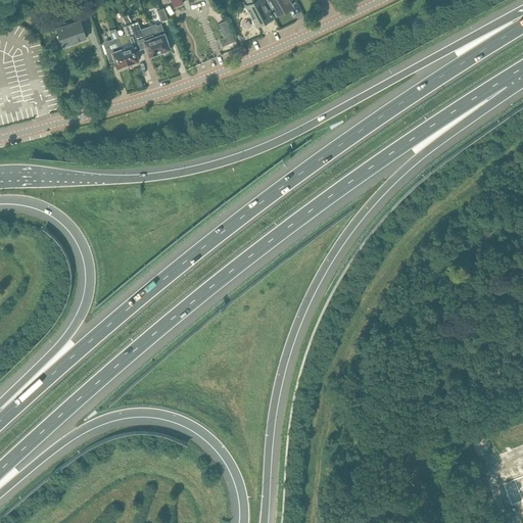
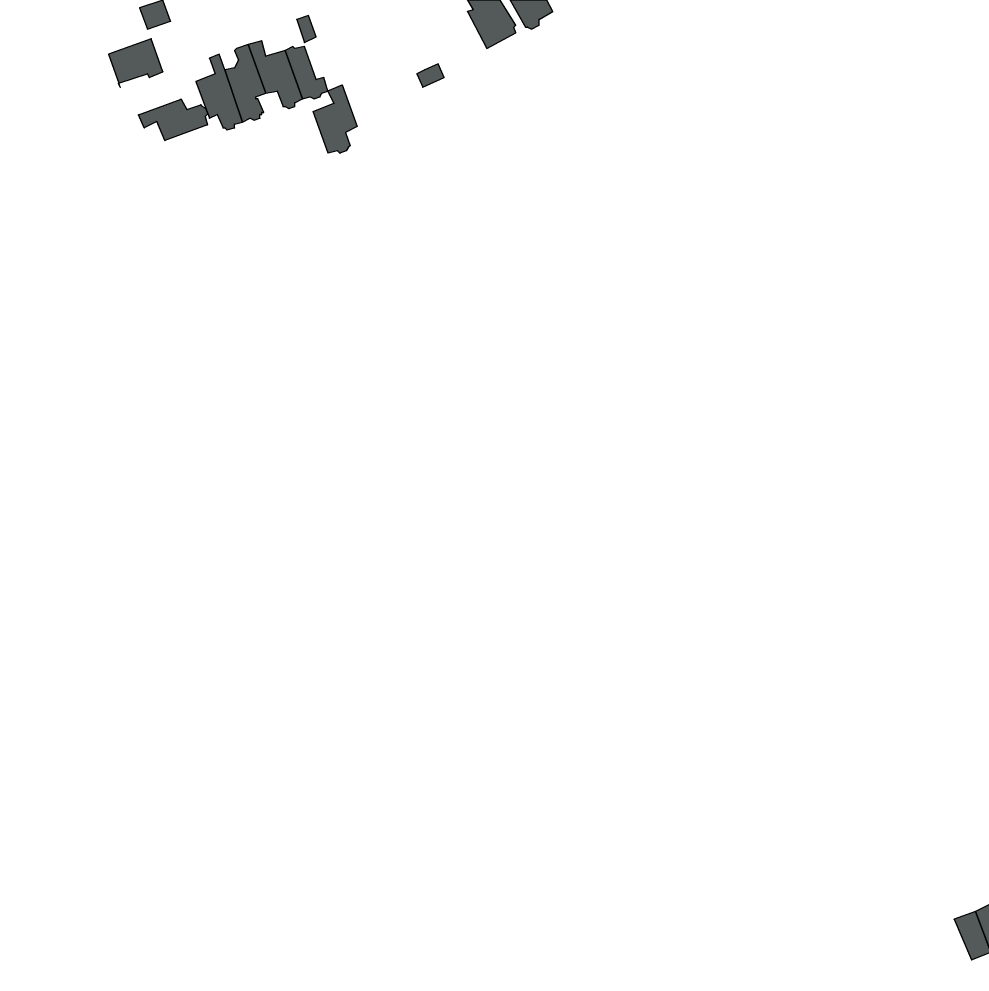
building: none -> [313,85,357,153]
building: none -> [138,99,208,141]

